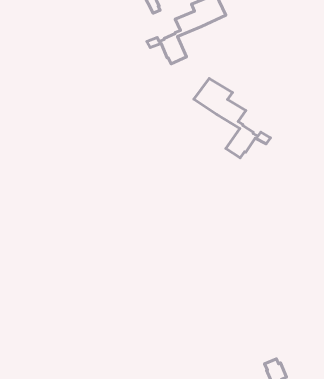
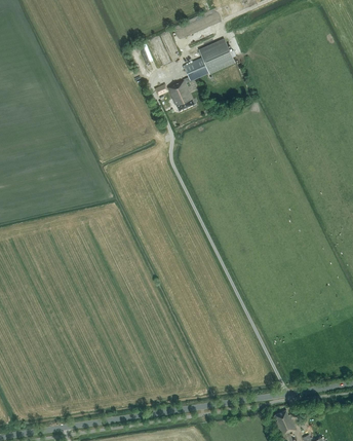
building: [194,78,271,158] -> none

